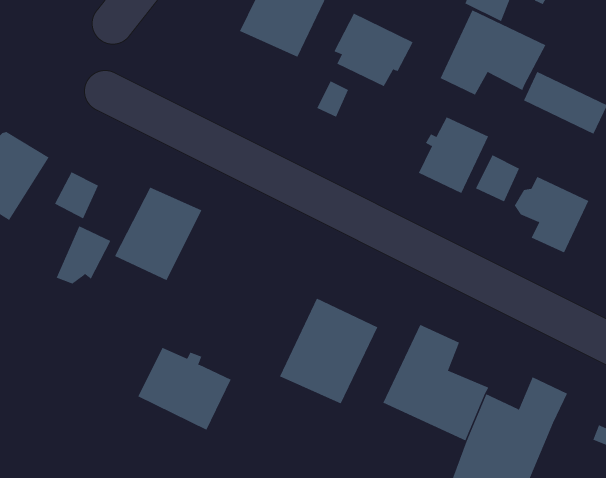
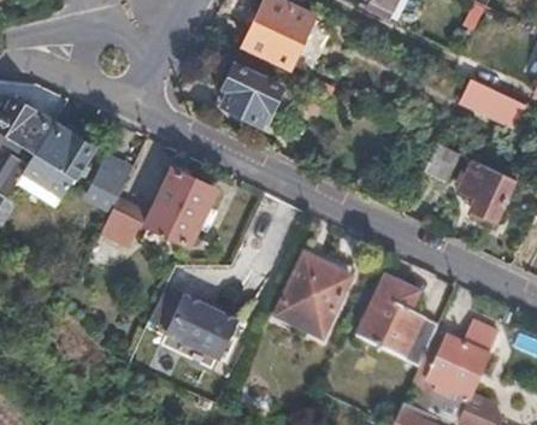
building: [440,9,546,96] -> none
building: [333,13,414,87] -> [220,64,283,122]
building: [418,116,489,194] -> none

